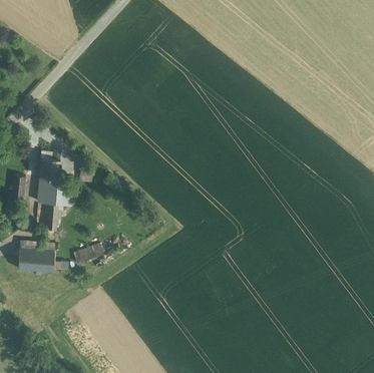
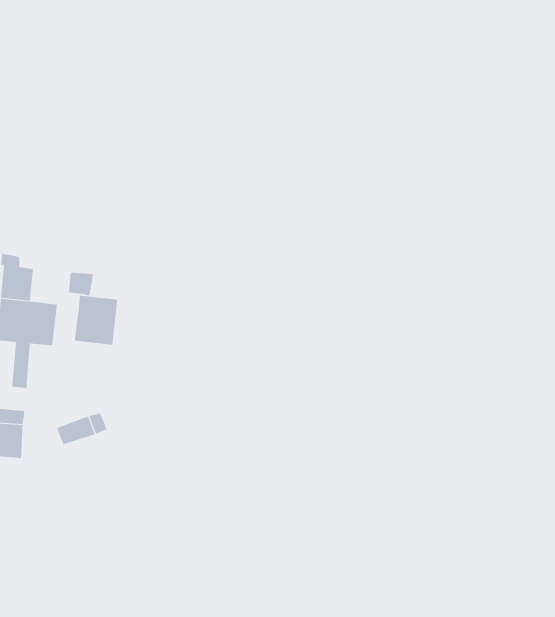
building: none -> [74,295,118,346]

